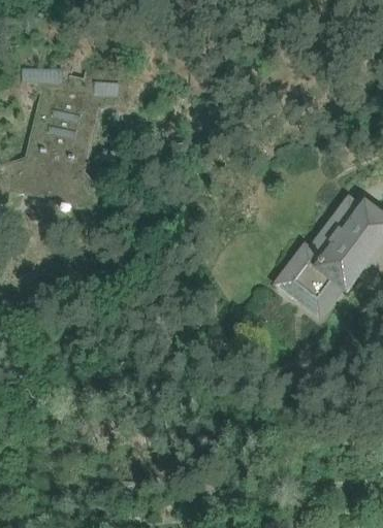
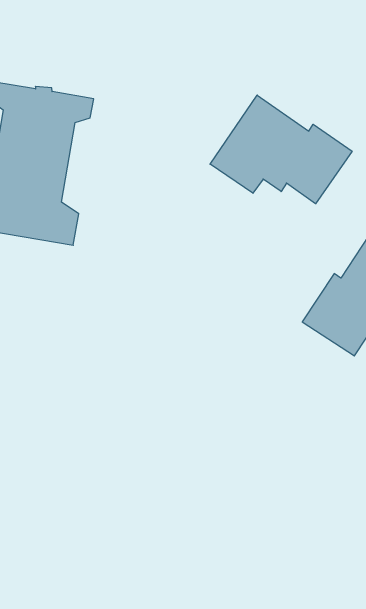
building: none -> [210,95,352,204]

